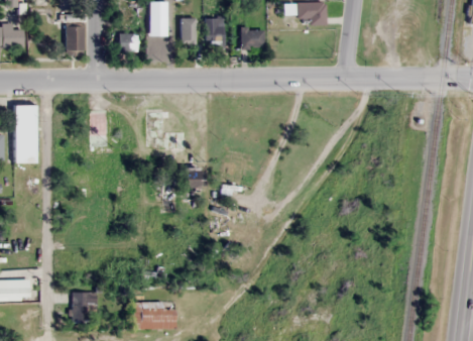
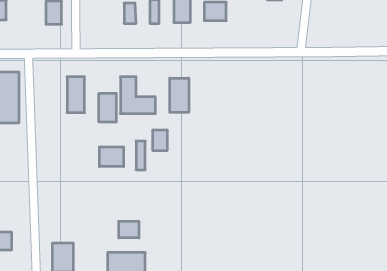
building: [119,32,137,52] -> none
building: none -> [170,78,189,112]
building: none -> [99,93,116,122]
building: none -> [99,147,124,167]
building: none -> [119,221,139,238]

